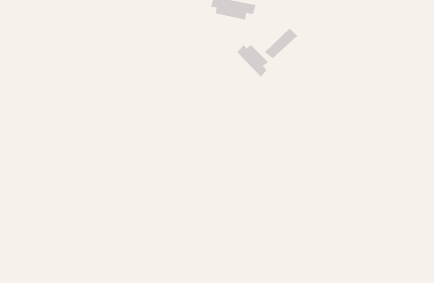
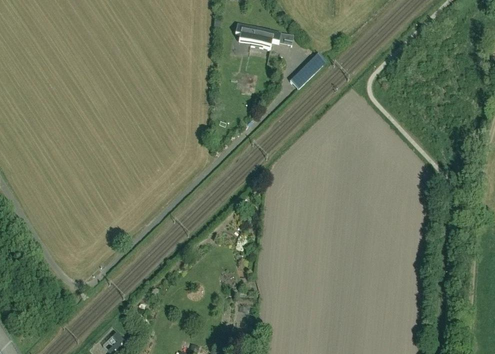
building: [237,44,269,77] -> none

